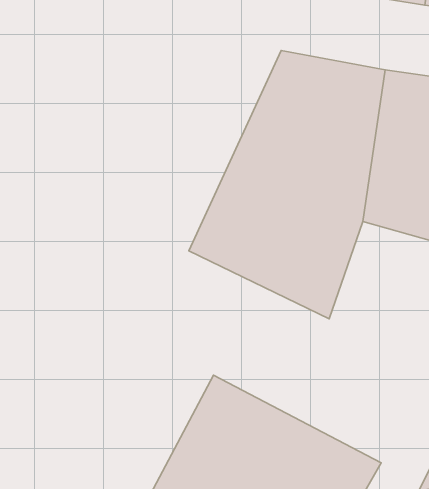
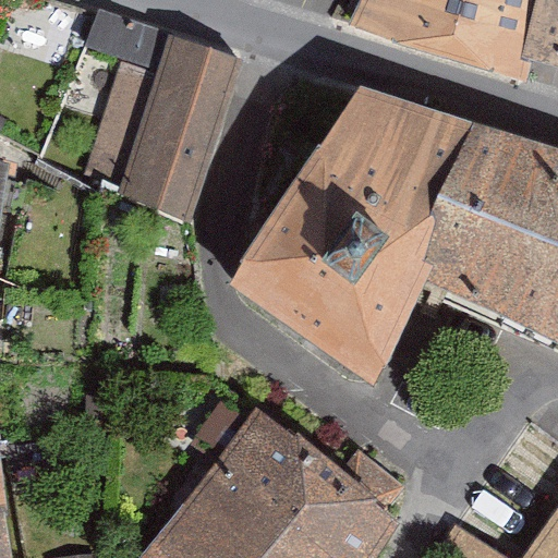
building: none -> [99,34,239,225]

